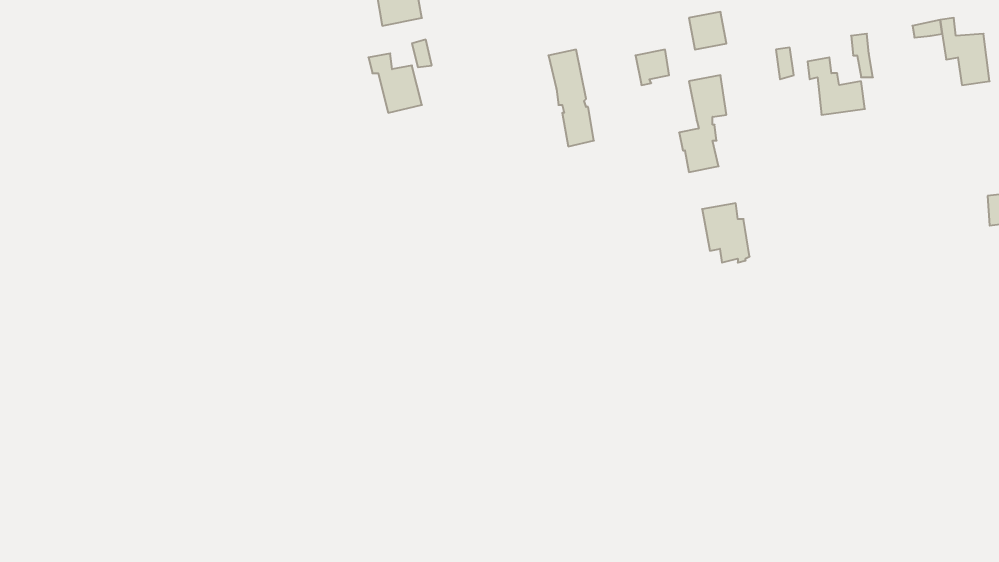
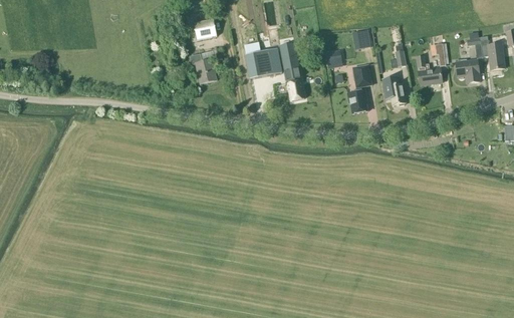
building: none -> [245,48,281,78]
building: none -> [456,59,480,82]
building: [702,203,750,263] -> [381,75,406,105]

